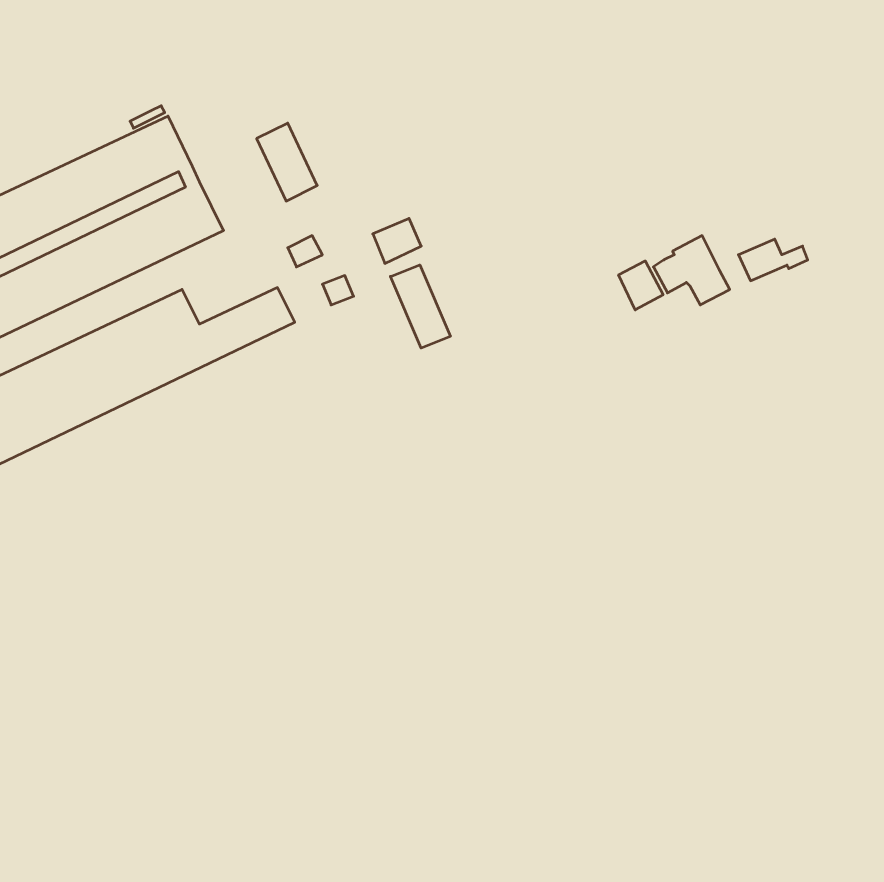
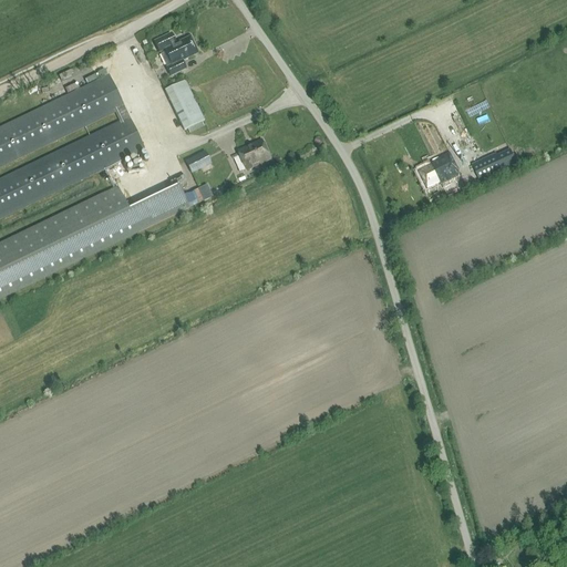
building: none -> [153,32,196,74]
building: [619,261,663,310] -> none
building: [390,265,450,348] -> none

